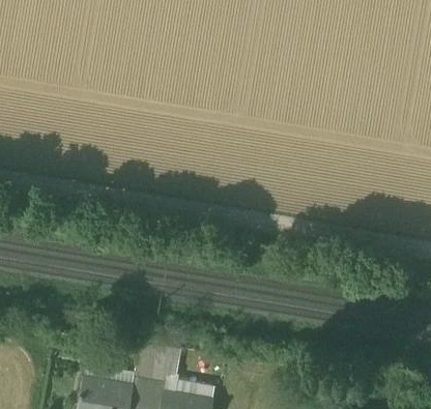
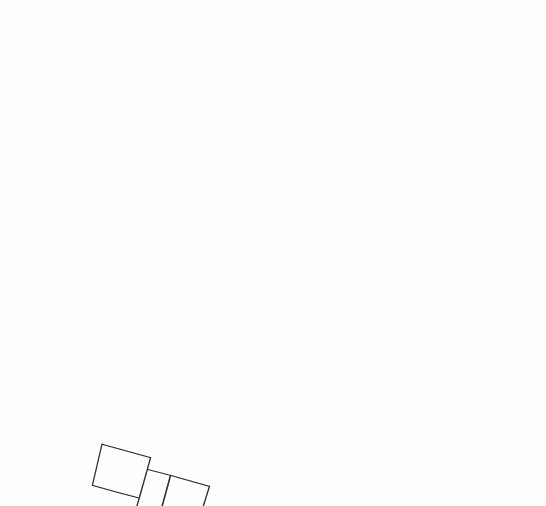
building: none -> [92,444,151,498]

